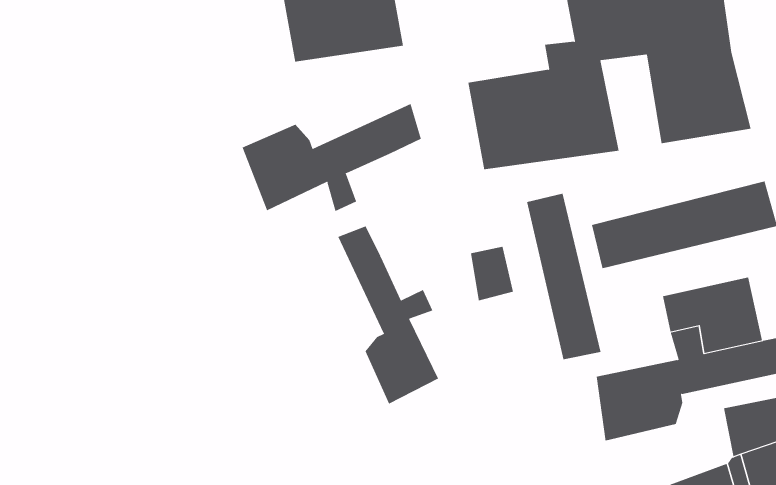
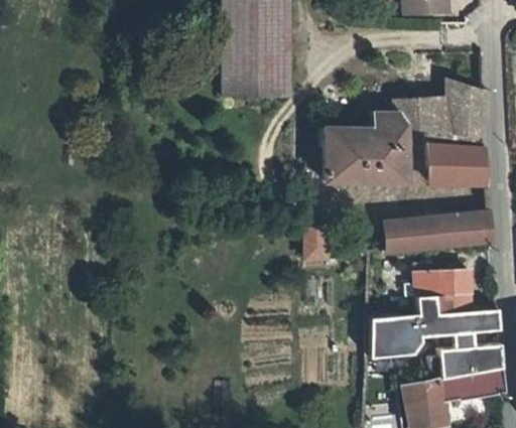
building: [242,103,421,212] -> none
building: [527,193,601,360] -> none
building: [337,226,439,404] -> none

